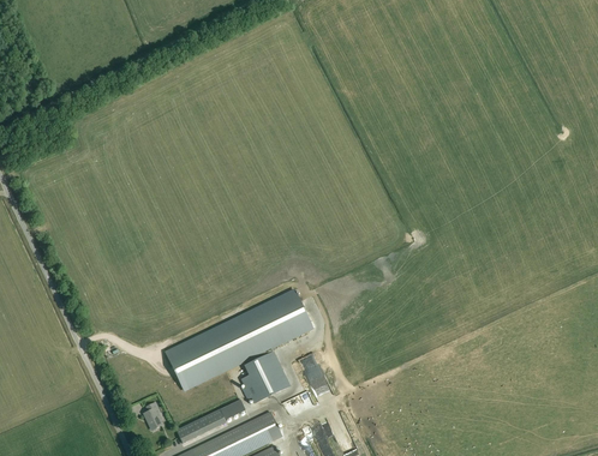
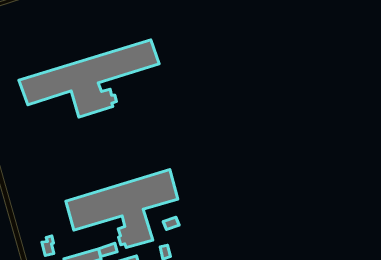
building: none -> [19,40,159,117]

